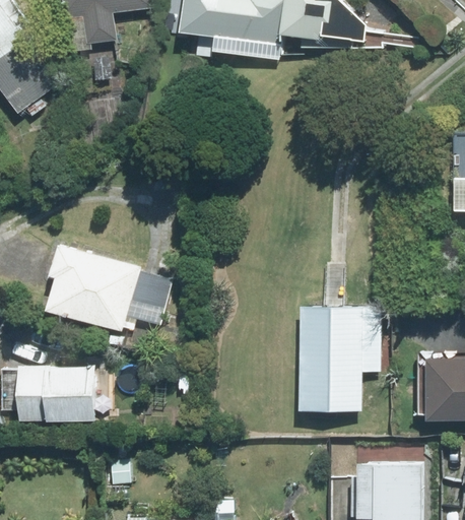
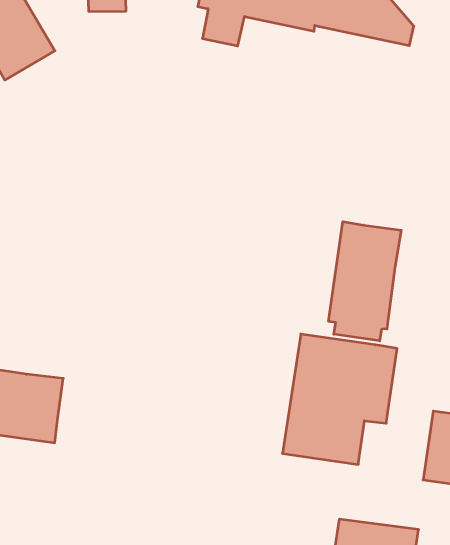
building: none -> [329,222,401,341]
building: [43,242,175,329] -> none

